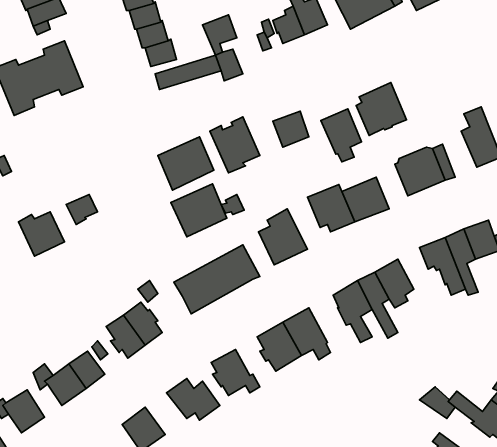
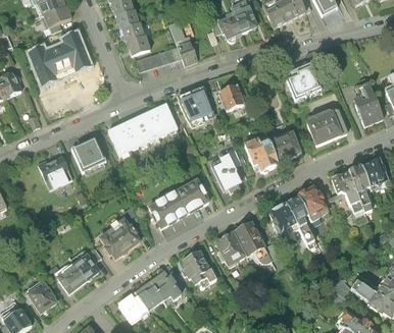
building: [321,109,362,162] -> none
building: [171,184,227,237] -> [112,114,152,152]
building: none -> [133,282,162,312]

